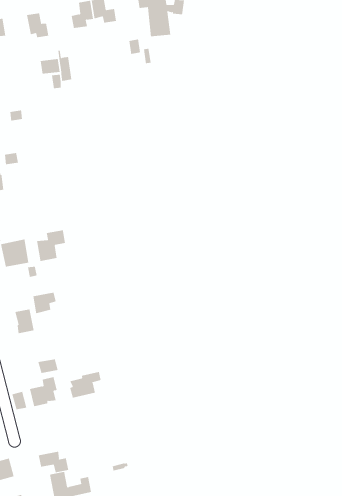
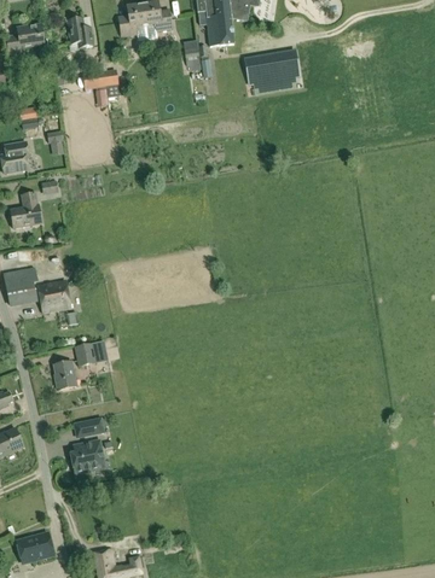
building: none -> [244,52,298,84]
building: [37,229,65,262] -> none
building: [70,371,101,398] -> none
building: [38,451,69,473] -> none

